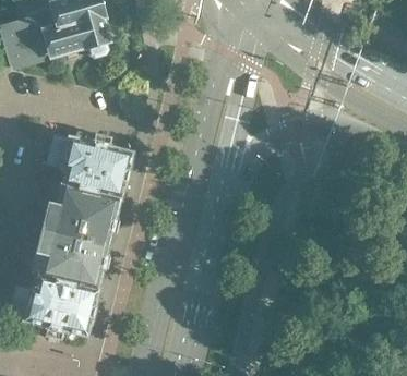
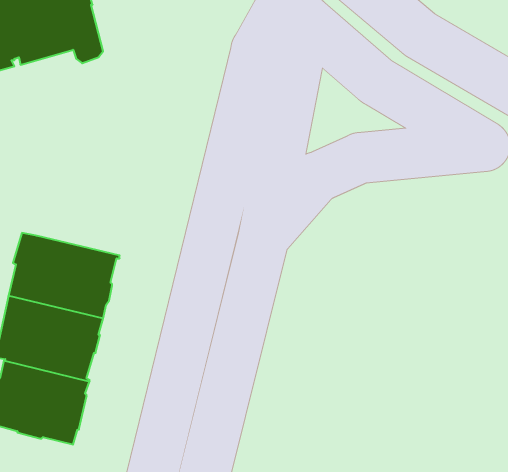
building: [45,133,132,198] -> none

